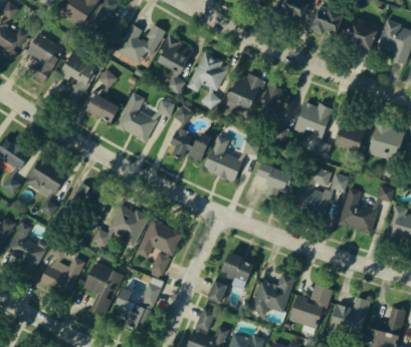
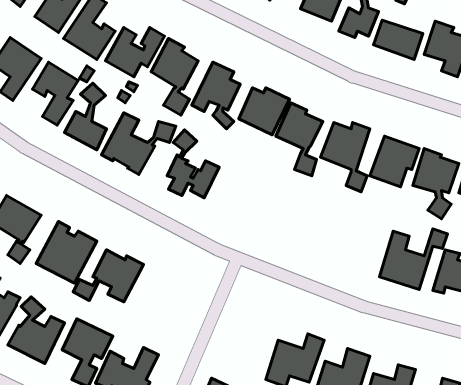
building: [202,136,259,185] -> none
building: [256,161,298,200] -> none
building: [294,162,352,217] -> none
building: [137,219,183,278] -> none
building: [207,253,253,304] -> none

